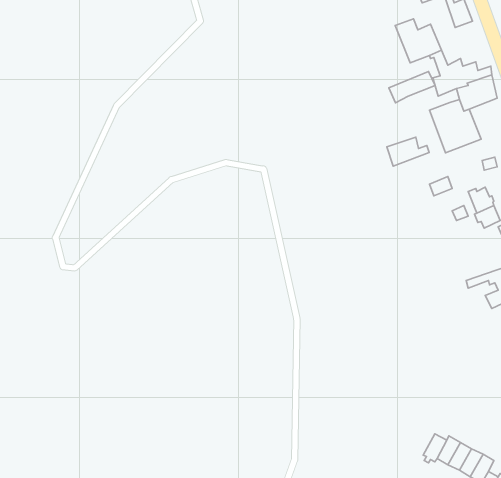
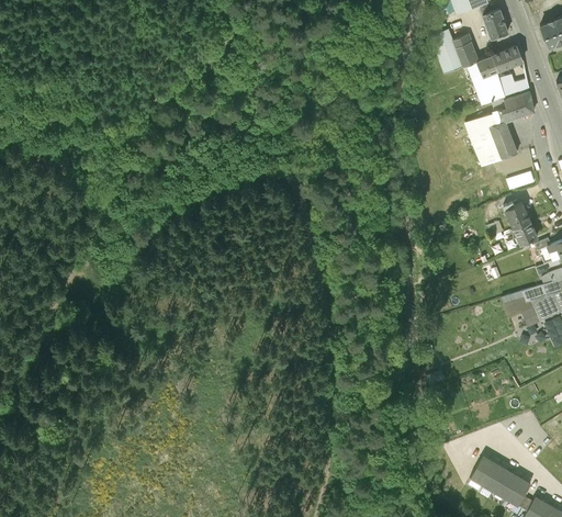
building: [389,72,435,103] -> [477,46,525,78]
building: [387,137,429,166] -> none

